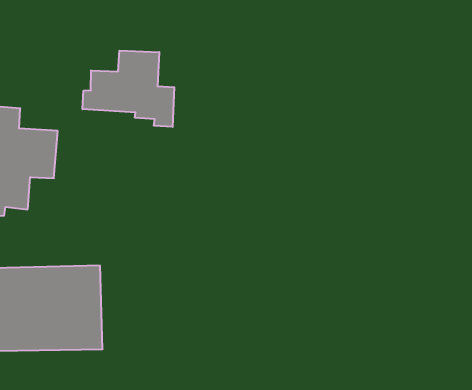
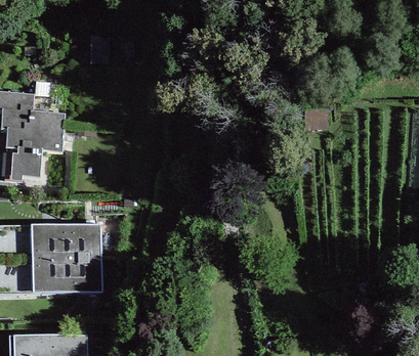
building: [83,51,174,127] -> none

